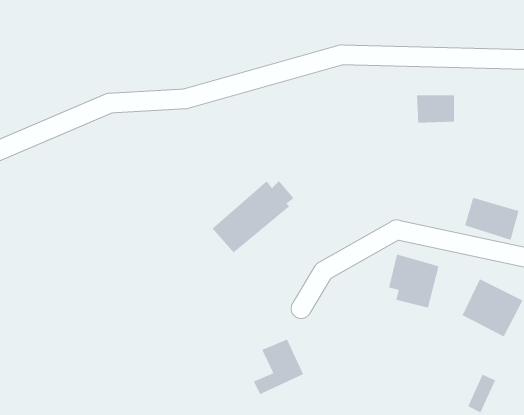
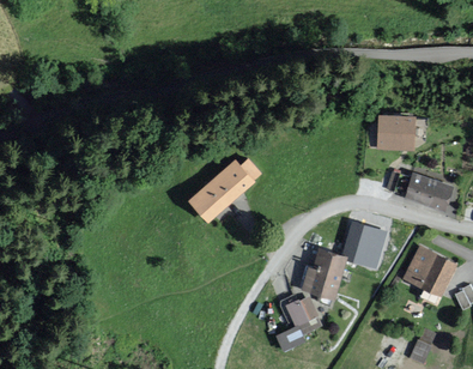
building: [416,94,455,123] -> [375,122,408,147]
building: none -> [302,247,348,298]
building: [253,338,304,395] -> [278,297,322,346]

